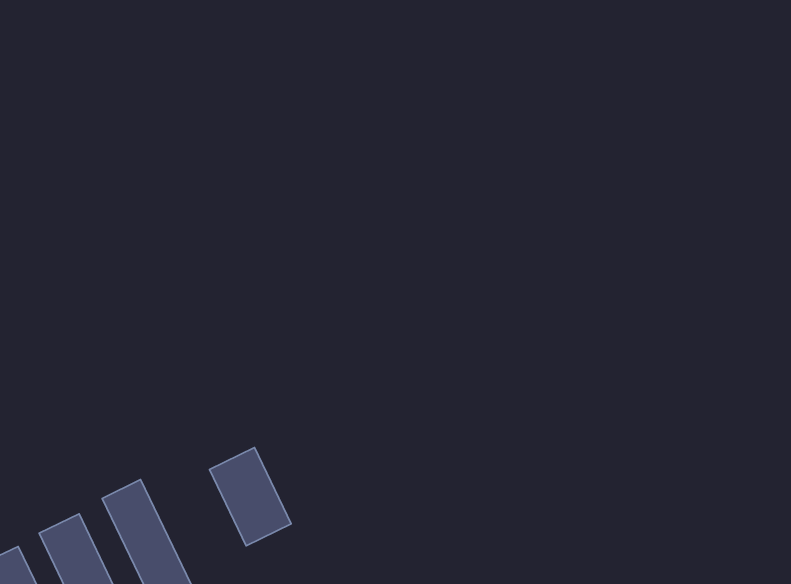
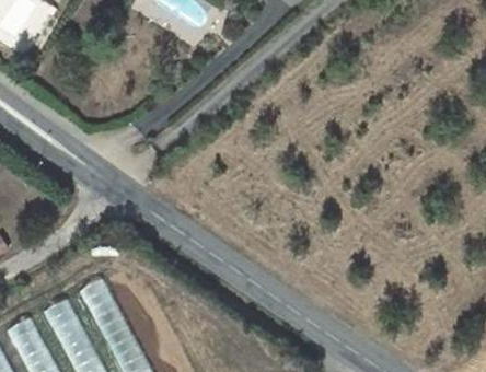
building: [209,448,291,546] -> none

